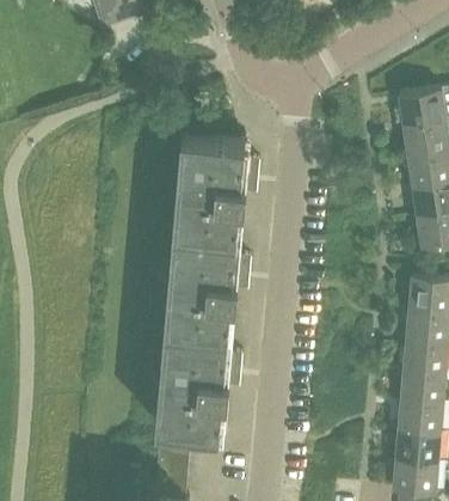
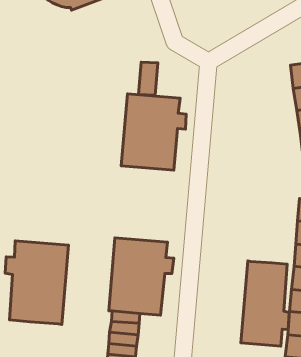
building: none -> [138,62,158,95]
building: [164,228,251,331] -> none
building: none -> [5,241,69,324]
building: none -> [241,261,289,346]

